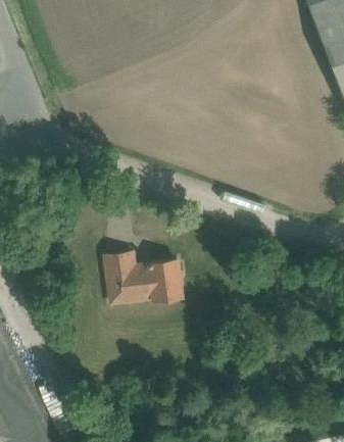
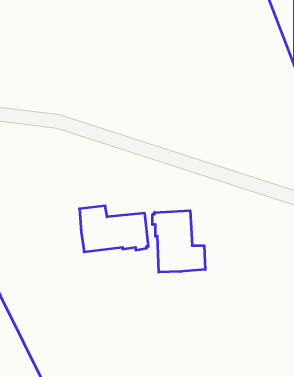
building: none -> [152,211,205,272]

